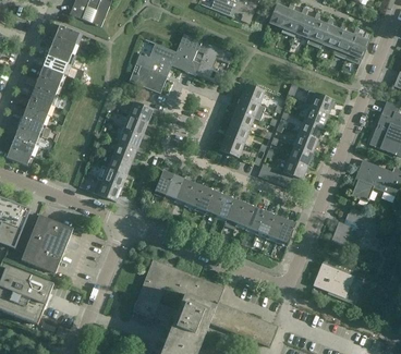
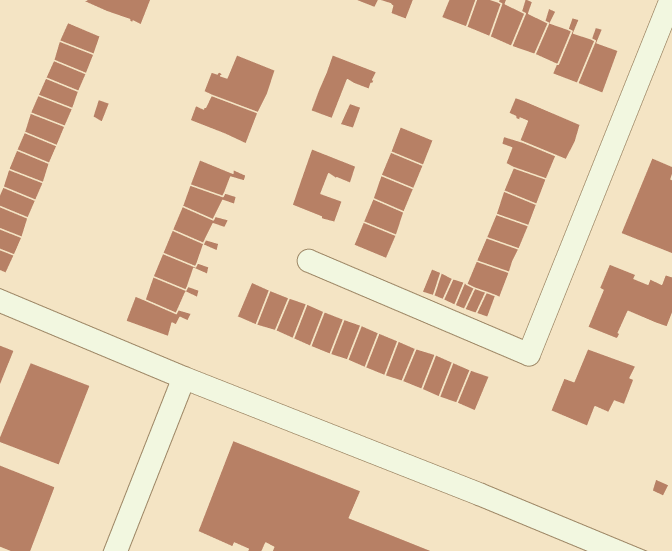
building: [171,33,207,74] -> [292,149,356,223]
building: none -> [509,97,580,160]
building: [312,260,365,304] -> none

